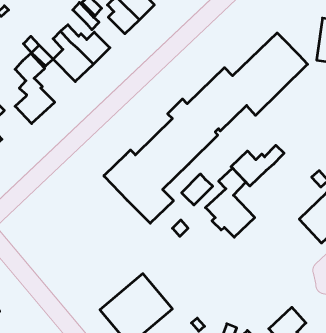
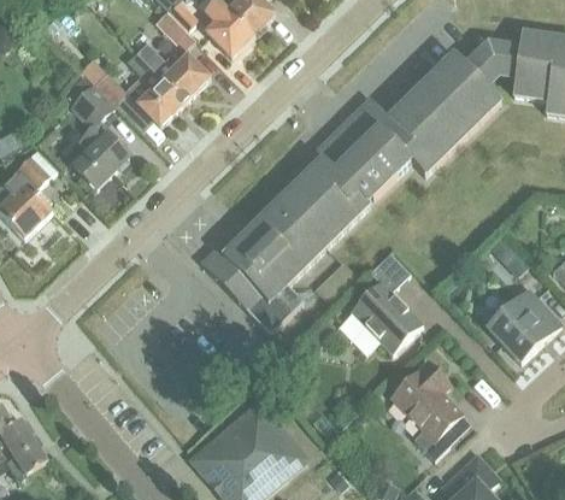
building: none -> [461,37,519,86]
building: [231,145,284,186] -> none
building: none -> [392,361,460,458]

